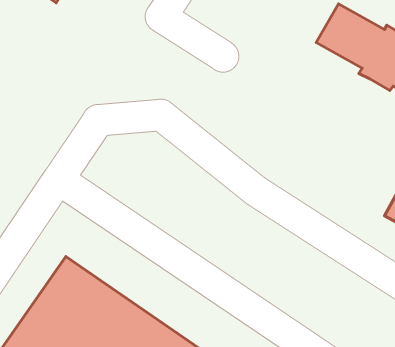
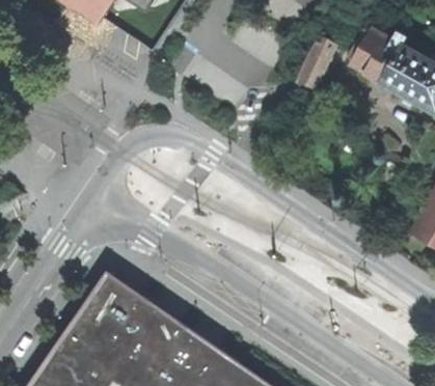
building: none -> [295,33,333,88]

